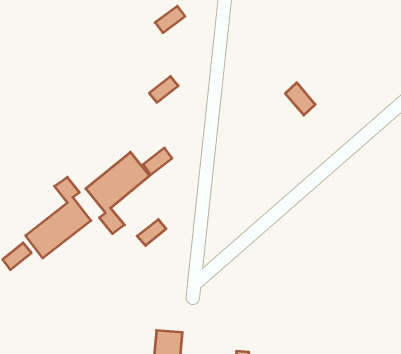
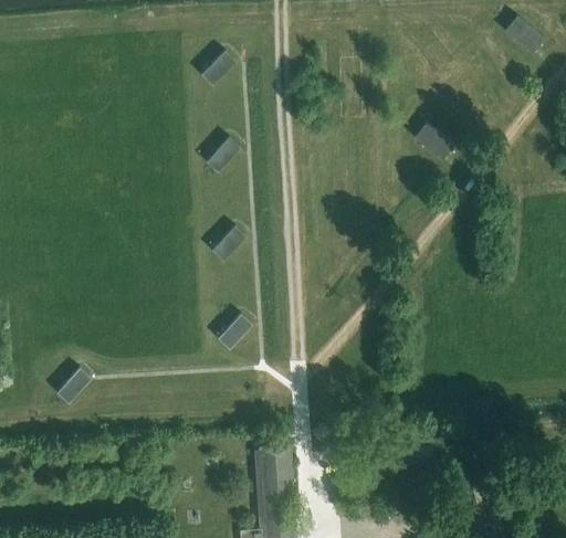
building: [285,83,315,115] -> [412,123,451,161]
building: [86,152,149,234] -> none
building: [26,177,91,258] -> none

